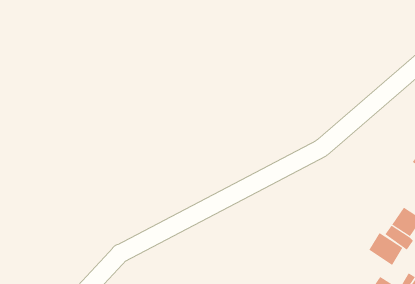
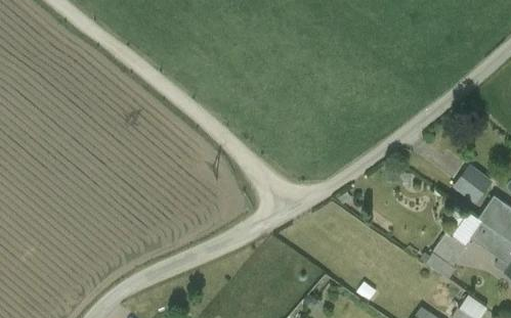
building: [368,232,403,266] -> none

